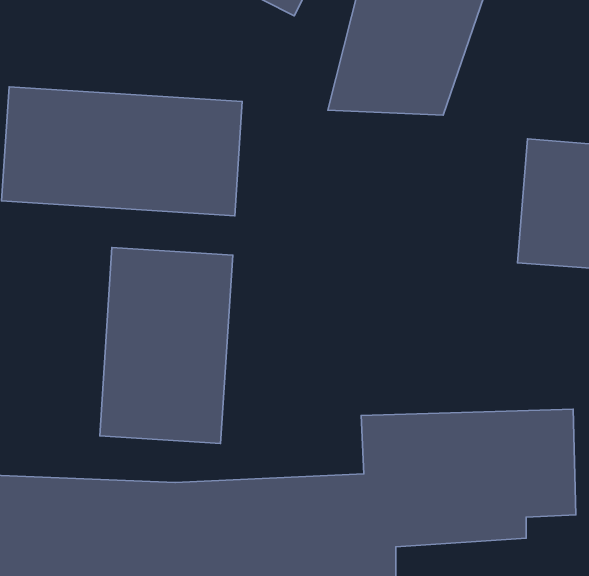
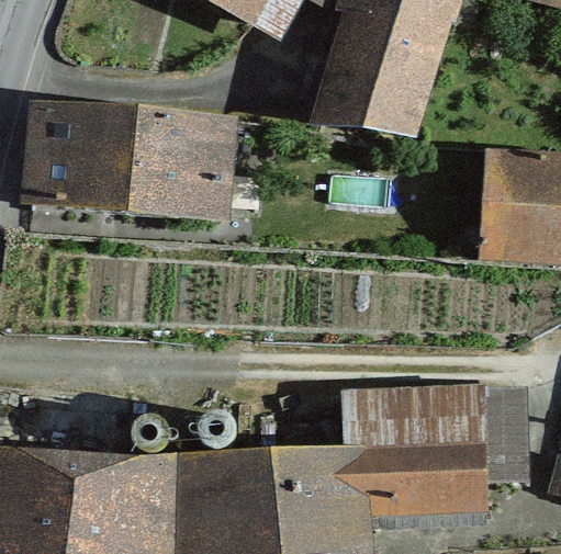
building: [100,248,233,443] -> none

